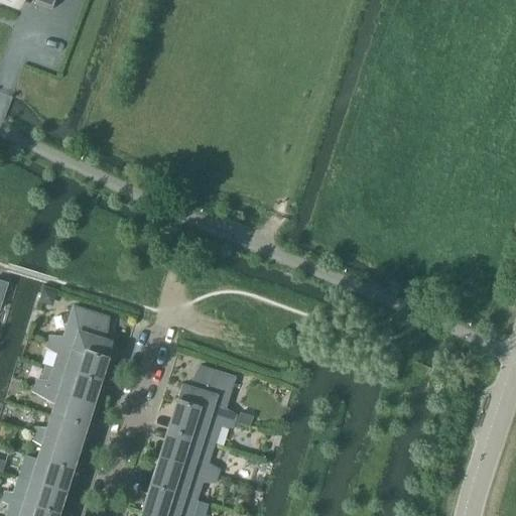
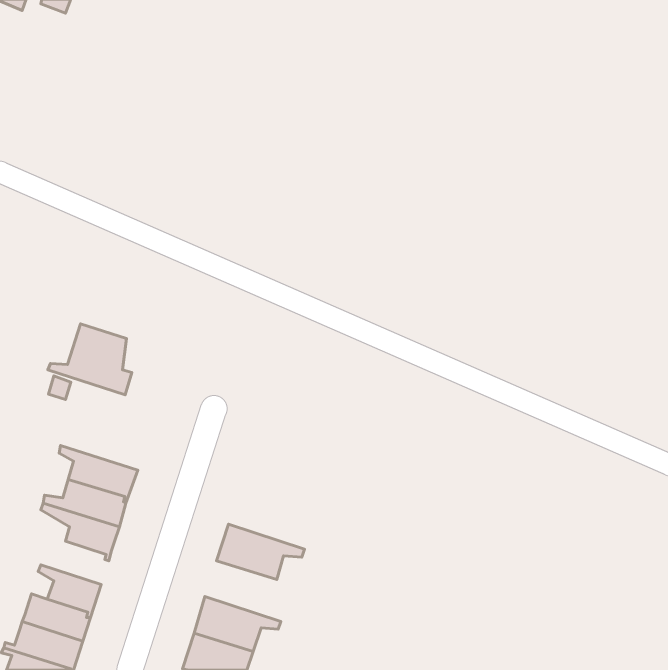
building: [48,306,113,361] -> [48,324,132,395]
building: [177,366,237,421] -> none
building: [33,415,86,448] -> none
building: [159,430,220,477] -> none

